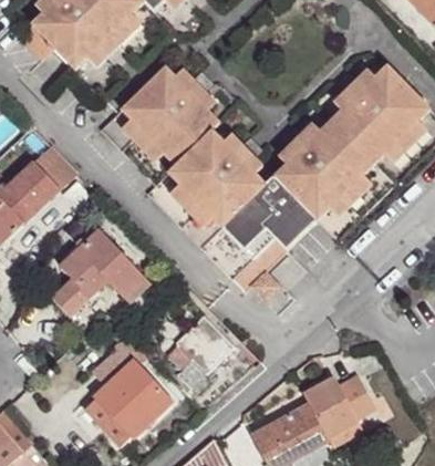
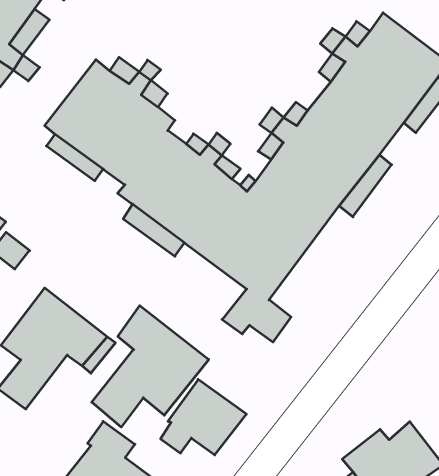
building: none -> [92,306,209,427]

